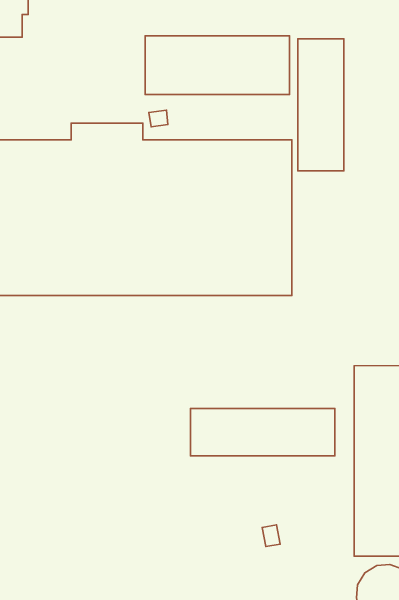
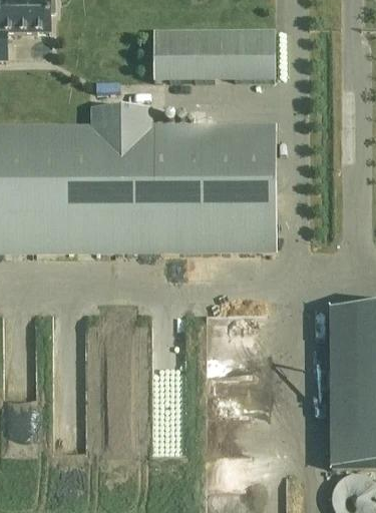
building: [298,39,344,171] -> none
building: [191,409,335,456] -> none

